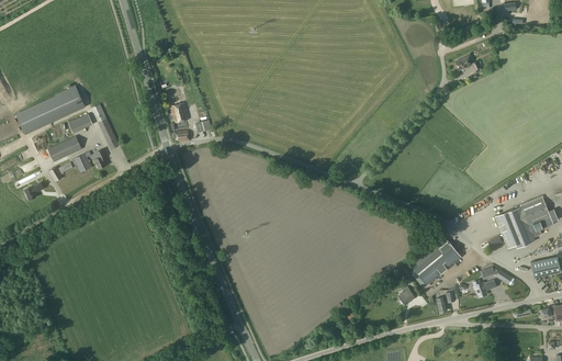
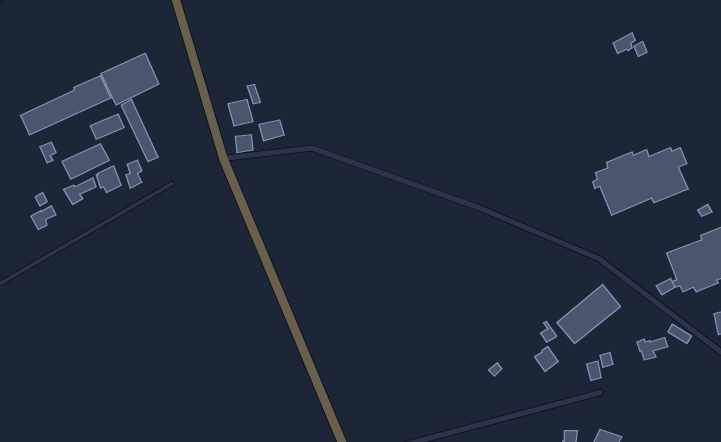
building: none -> [101,53,159,105]
building: none -> [593,148,688,215]

